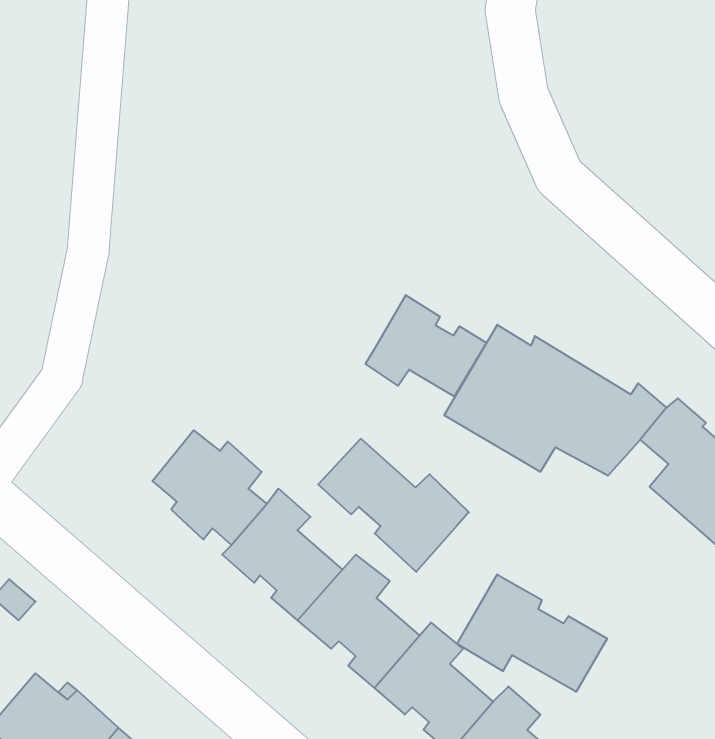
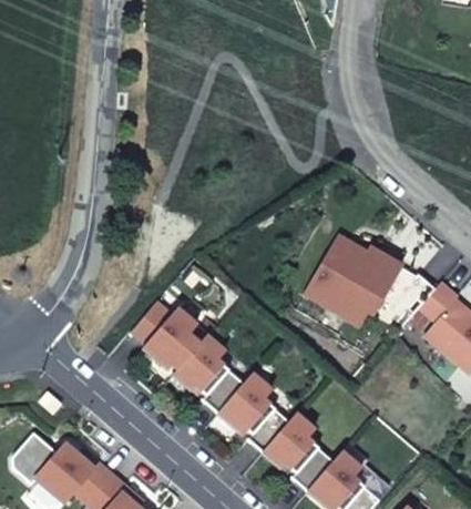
building: [366,295,487,396] -> none
building: [318,439,469,572] -> none
building: [457,574,607,692] -> none

